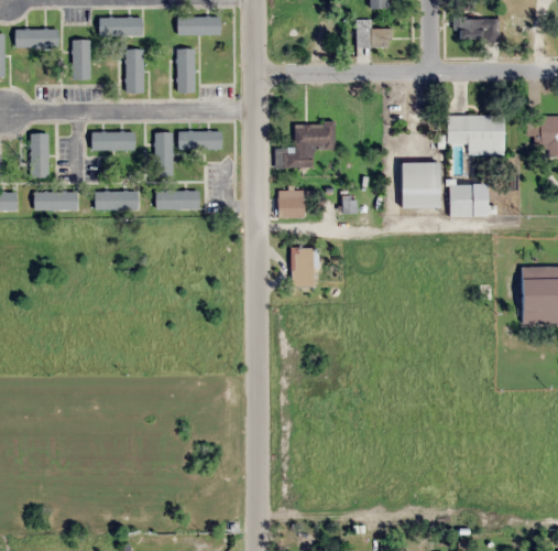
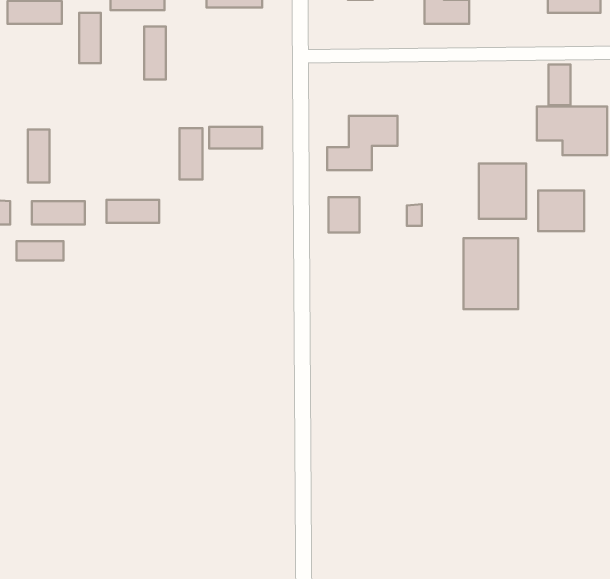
building: [178,50,197,94] -> none
building: none -> [549,65,570,105]
building: [94,133,136,151] -> none
building: [157,191,200,210] -> none
building: none -> [463,238,518,309]
building: none -> [16,241,64,260]
building: [289,247,314,288] -> none

